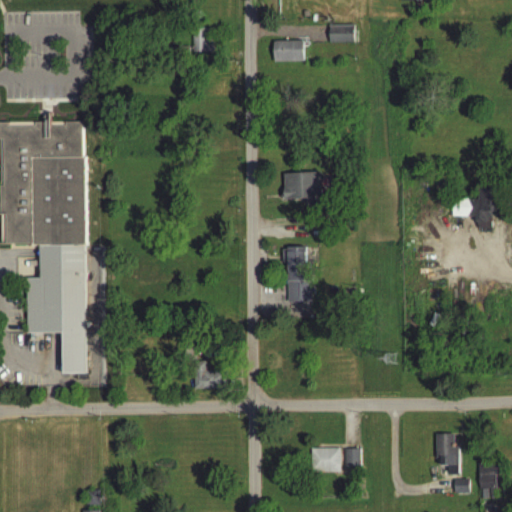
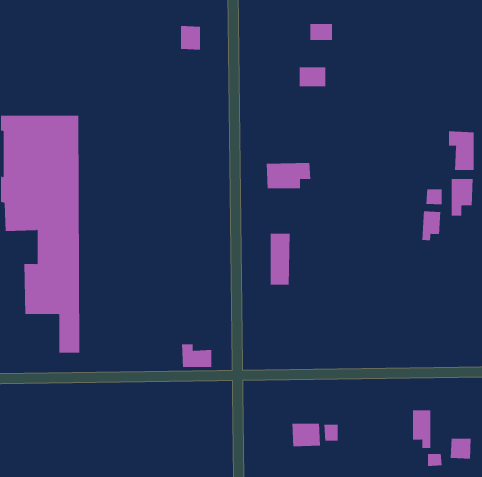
building: [273,41,302,62] -> [299,67,326,87]
building: none -> [448,131,474,171]
building: none -> [422,210,441,241]

